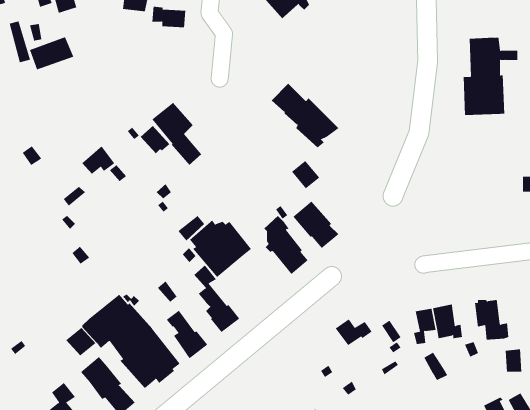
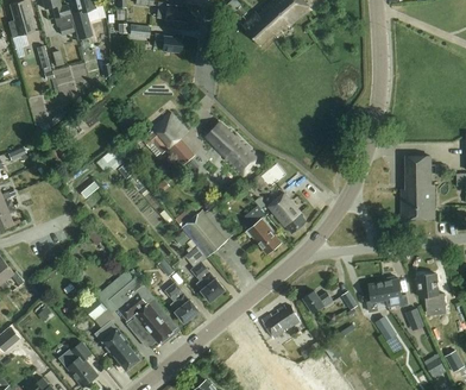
building: [463,37,518,116] -> [399,153,445,218]
building: [271,83,339,148] -> [204,121,260,175]
building: none -> [260,304,300,338]

